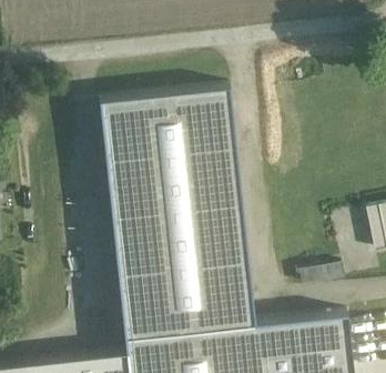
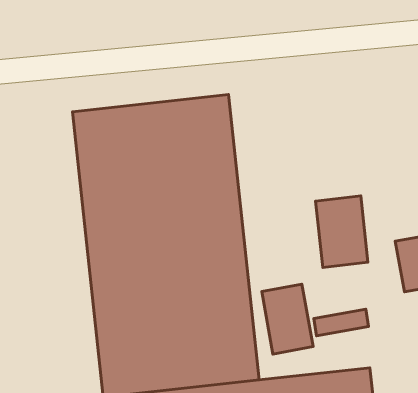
building: none -> [316,196,368,267]
building: none -> [262,284,313,354]

